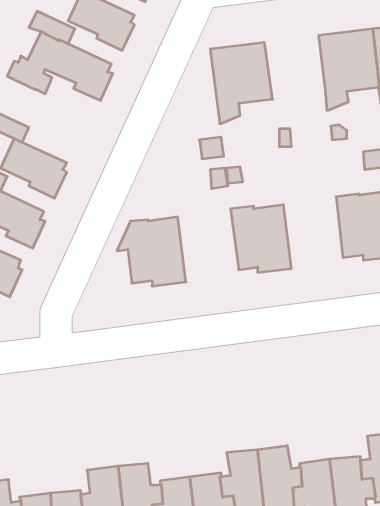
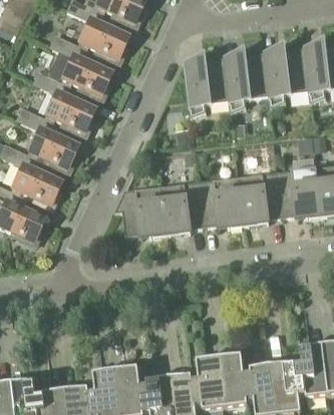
building: none -> [224,52,269,112]
building: none -> [45,92,94,136]
building: none -> [238,171,282,225]
building: none -> [159,180,205,235]

